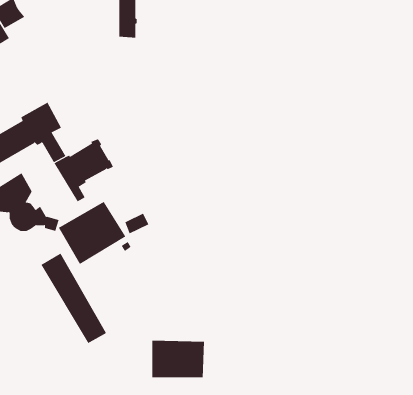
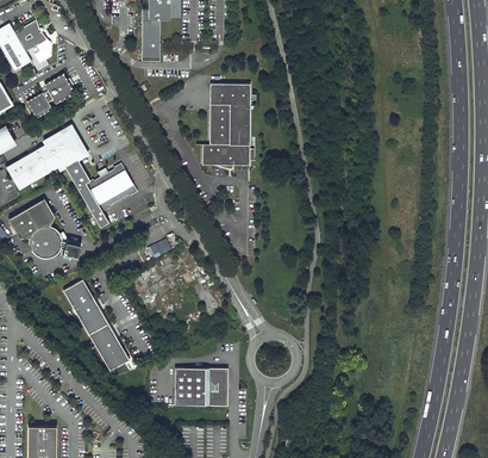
building: none -> [27,74,75,117]
building: none -> [202,85,256,172]
building: [58,201,126,265] -> none

